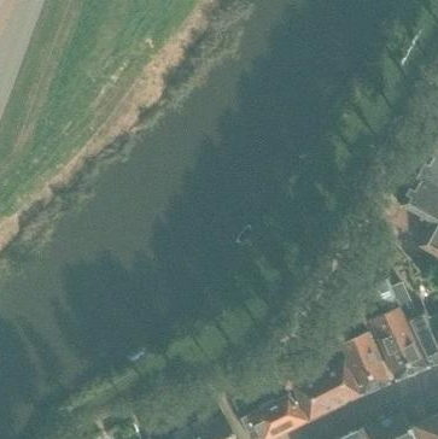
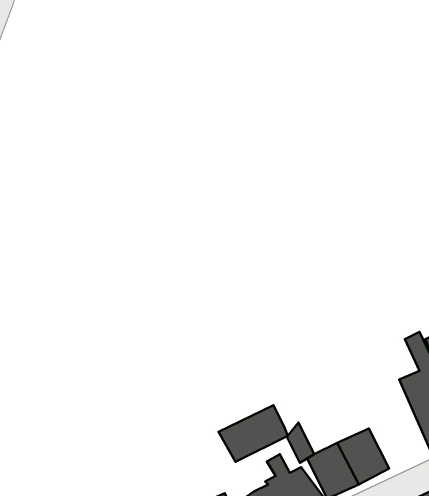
building: [340,334,390,397] -> none
building: none -> [219,405,288,462]

